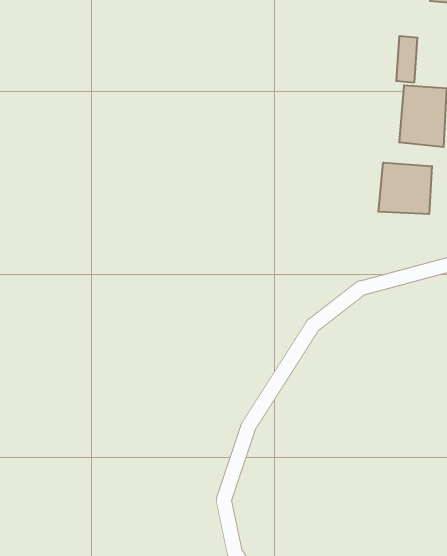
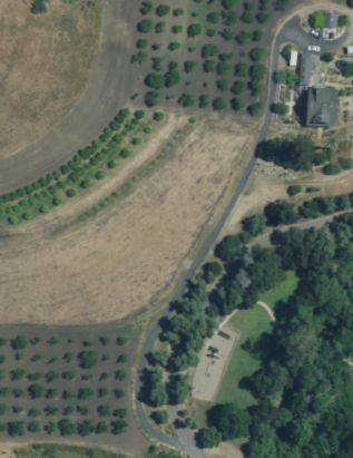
building: [378,163,432,214] -> none

